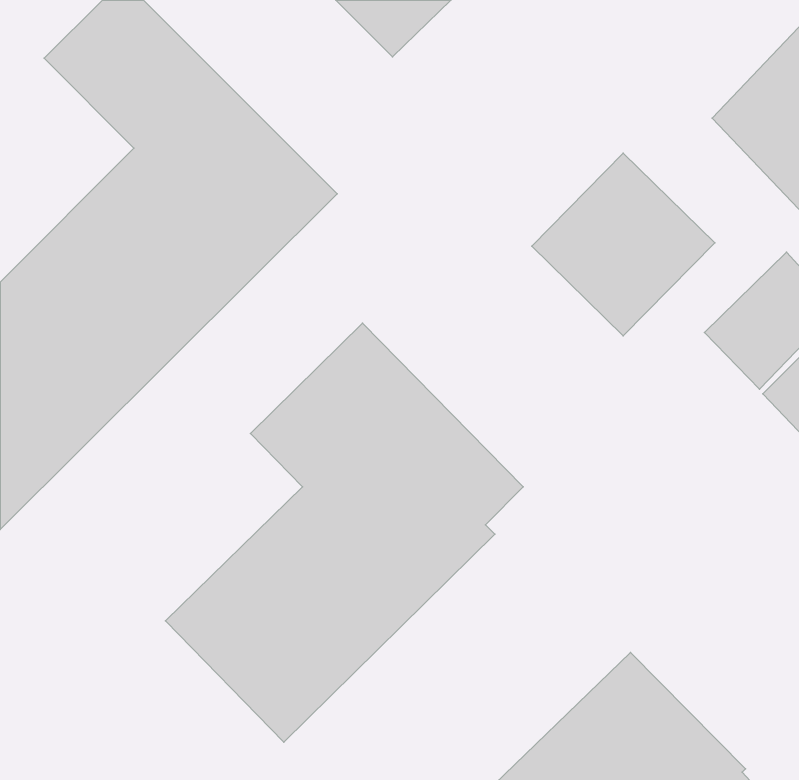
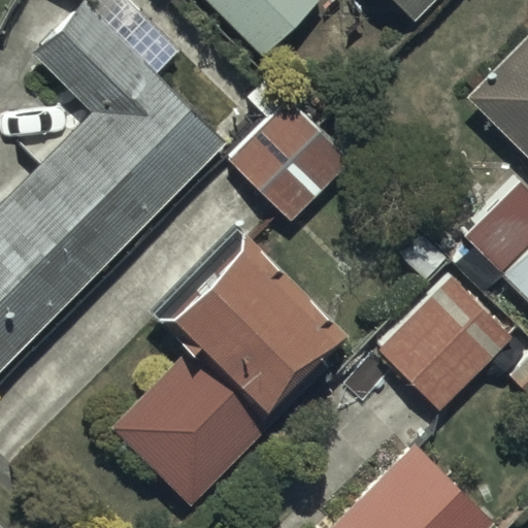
building: [532,153,715,336] -> [231,102,351,222]
building: none -> [377,277,514,414]

